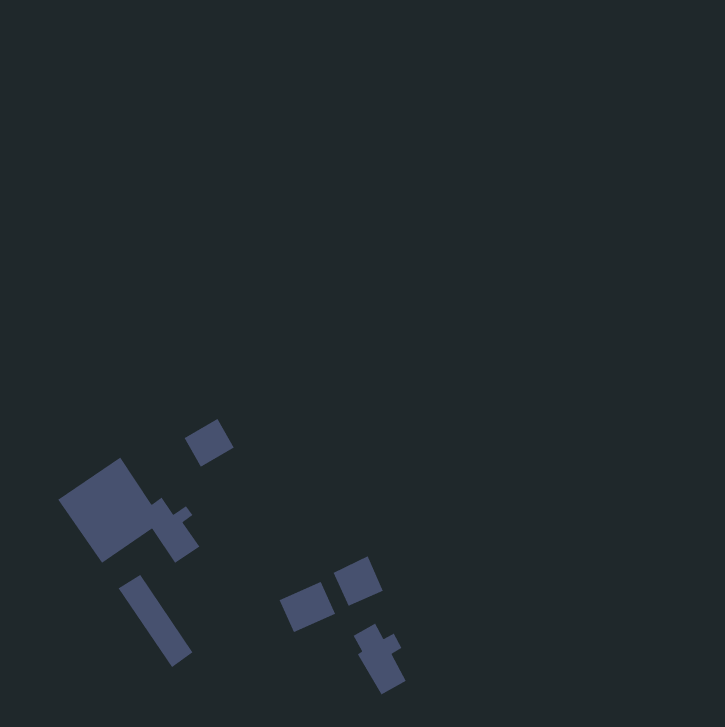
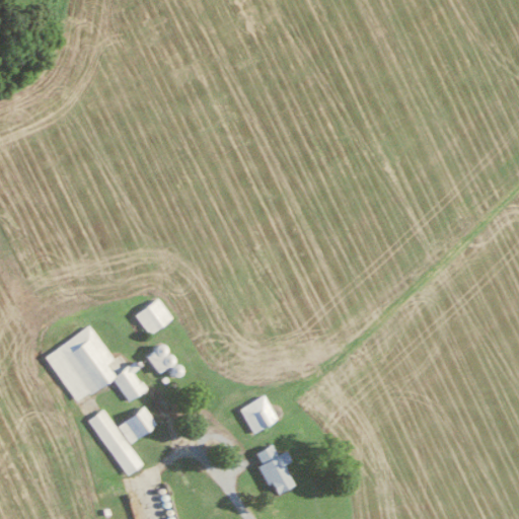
building: none -> [144,344,173,374]
building: none -> [117,407,156,443]
building: [278,581,336,633] -> none

